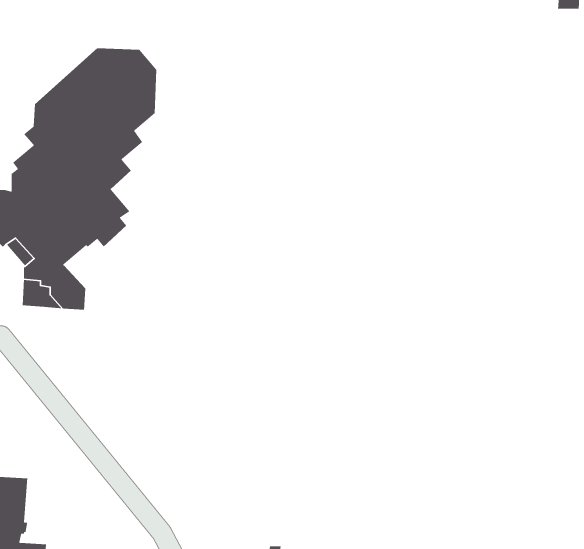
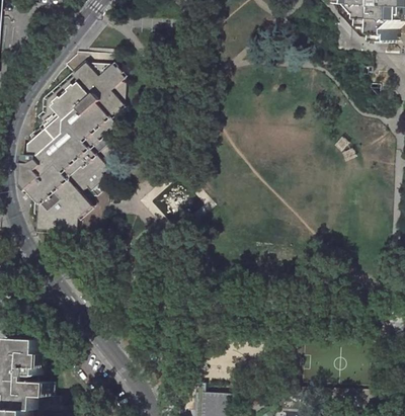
building: none -> [65,192,92,220]

